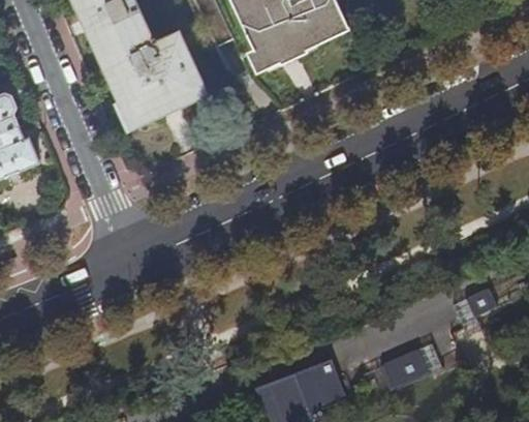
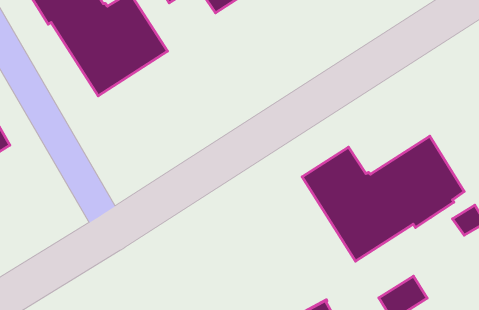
building: none -> [302,136,464,261]

